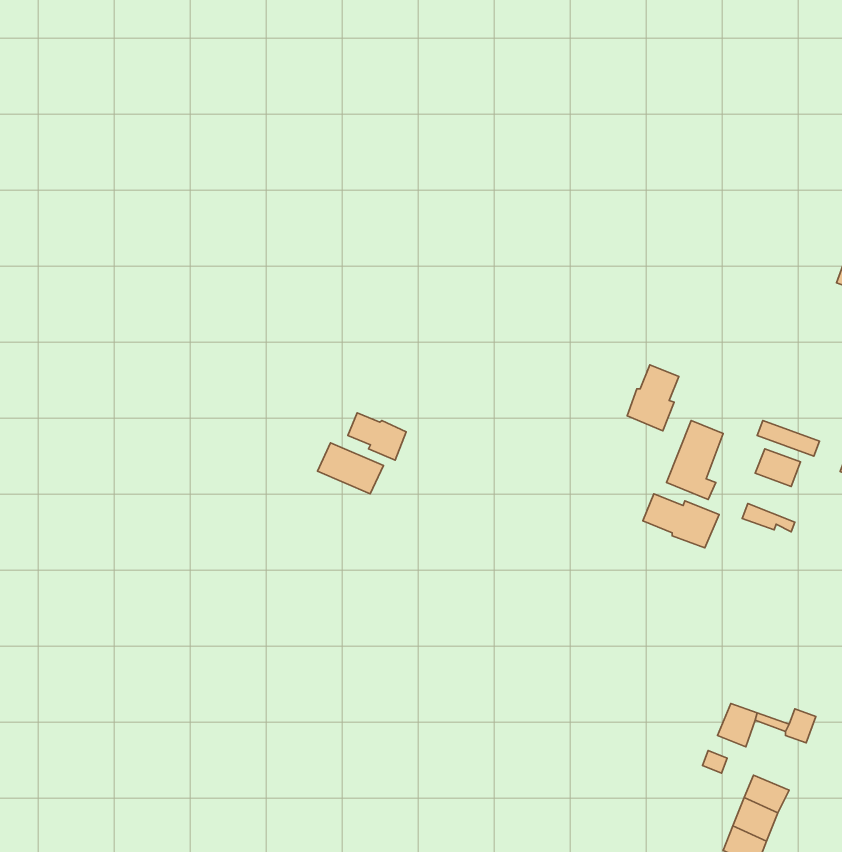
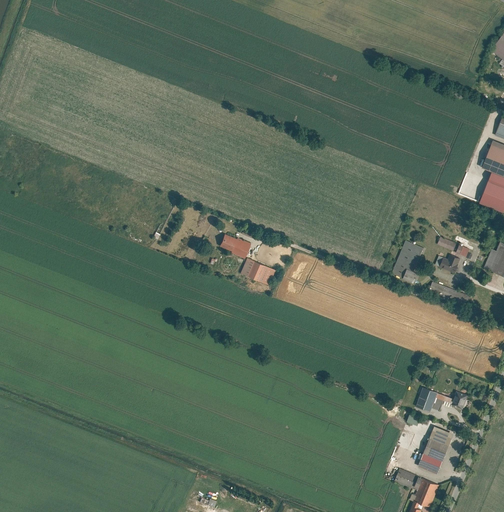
building: [627,365,679,431] -> none
building: [317,443,383,494] -> [243,259,278,286]
building: [643,494,719,548] -> none

